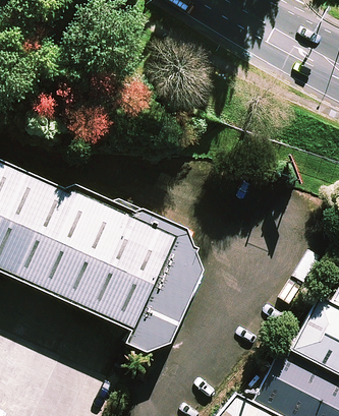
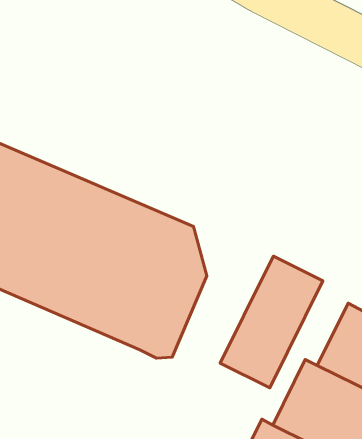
building: none -> [220,256,323,388]

